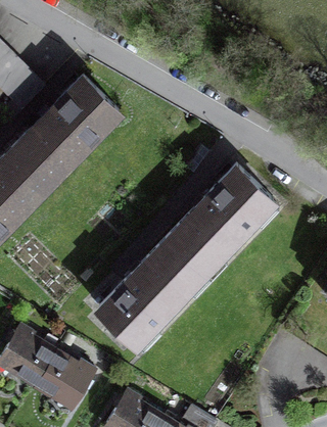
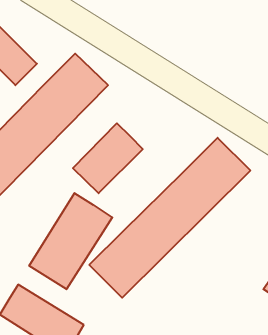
building: none -> [73,123,143,193]
building: none -> [29,193,112,289]

